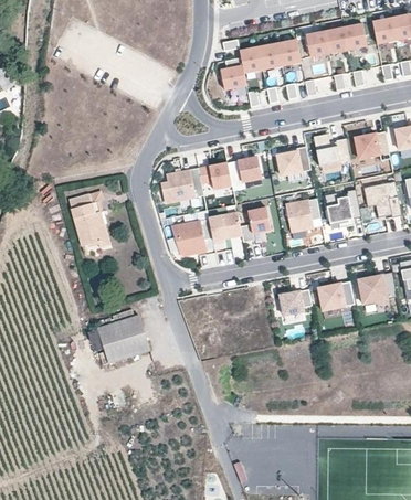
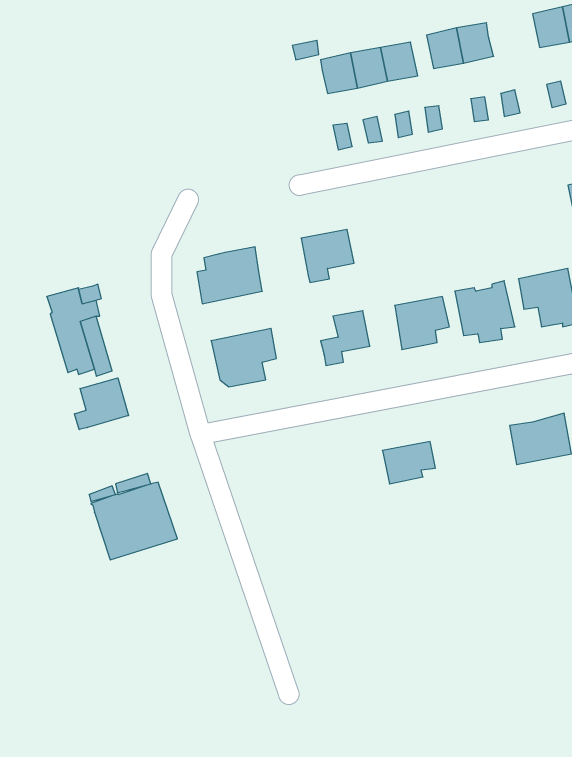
building: [344,23,367,49] -> none
building: [220,57,246,89] -> none
building: [355,131,390,160] -> none
building: [313,134,350,166] -> none
building: [276,146,310,175] -> none
building: [199,162,232,189] -> none
building: [209,212,242,243] -> none
building: none -> [74,378,129,430]
building: [317,281,355,310] -> none

